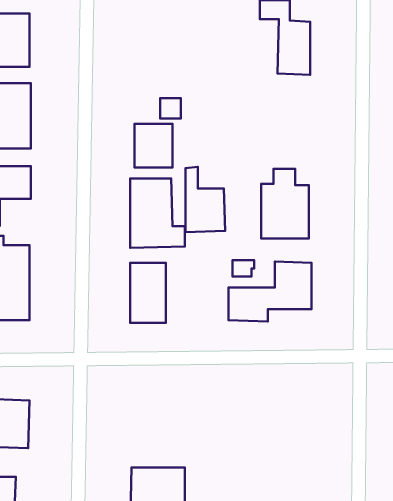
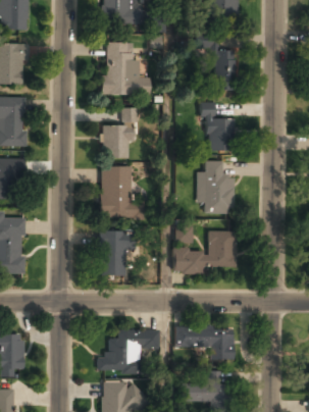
building: none -> [104,43,151,95]
building: [186,167,225,232] -> [207,101,237,150]
building: none -> [177,327,235,360]
building: none -> [99,330,160,373]
building: none -> [183,373,224,403]

